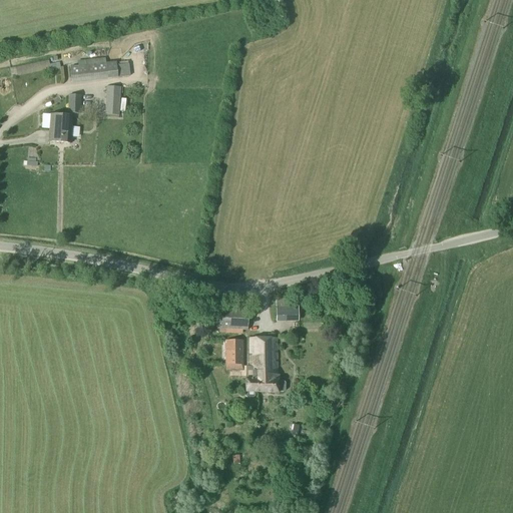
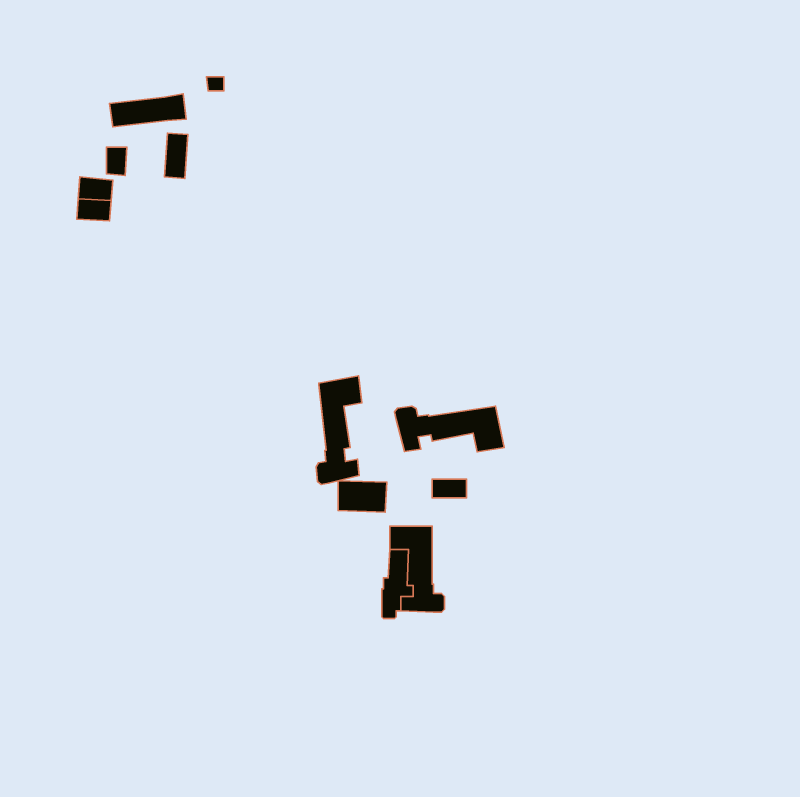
building: none -> [316,376,362,484]
building: none -> [395,406,504,452]
building: [226,339,242,369] -> none

